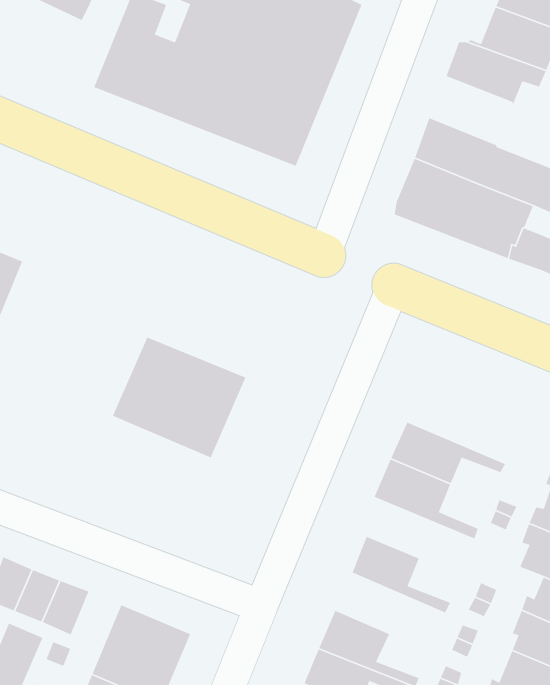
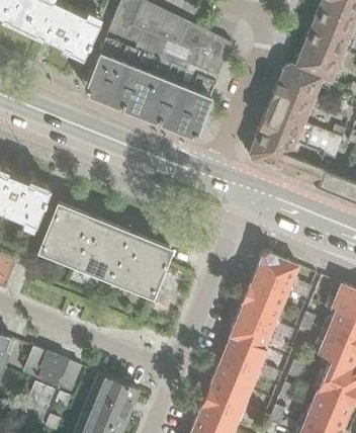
building: none -> [268,86,315,123]
building: none -> [39,206,113,272]
building: none -> [256,255,314,298]
building: none -> [232,317,293,350]
building: none -> [216,358,277,392]

